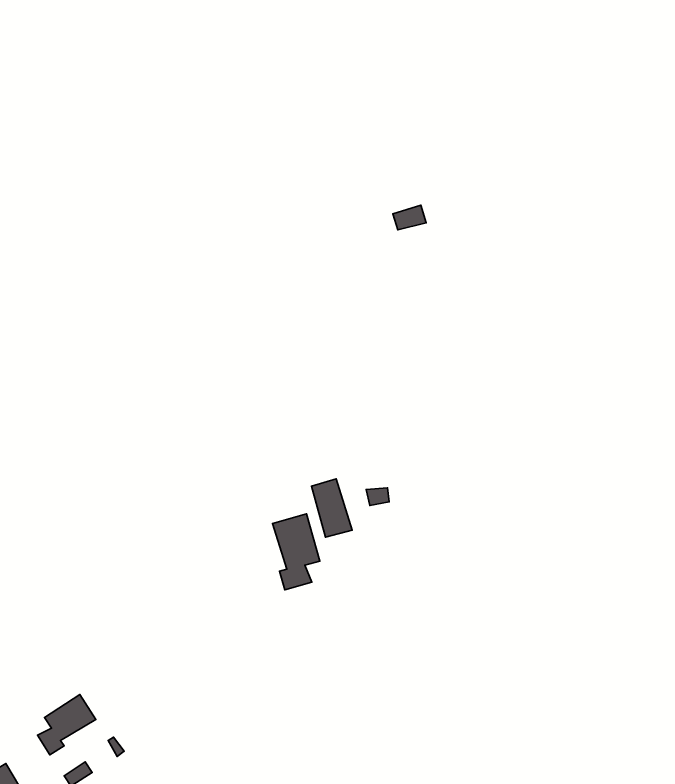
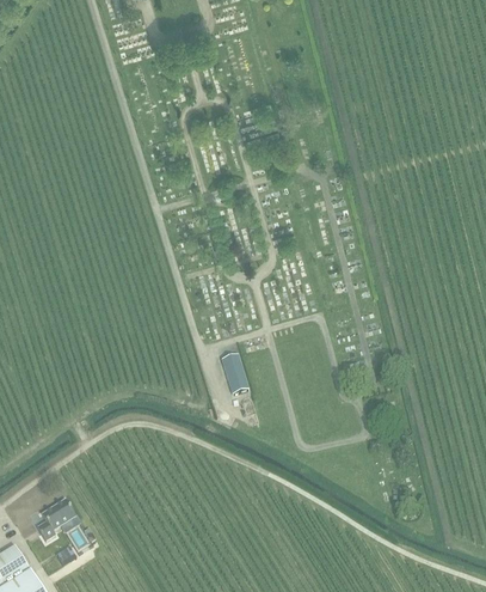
building: [272,514,320,590] -> none

